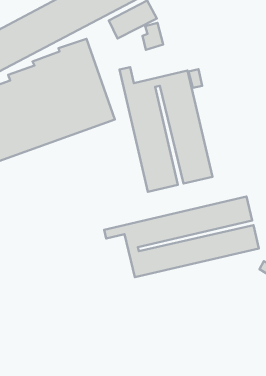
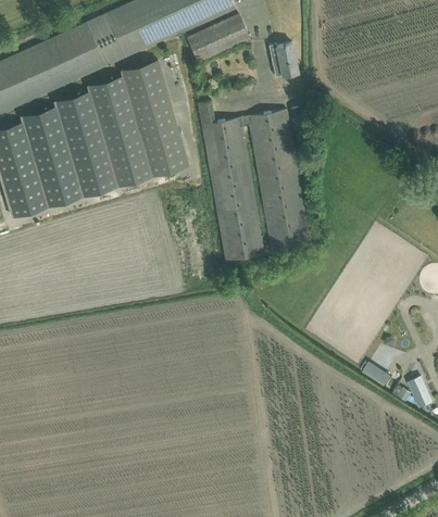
building: [142,23,163,50] -> [272,43,298,77]
building: [104,197,259,277] -> none

